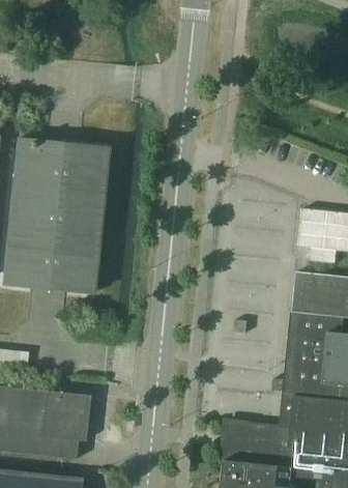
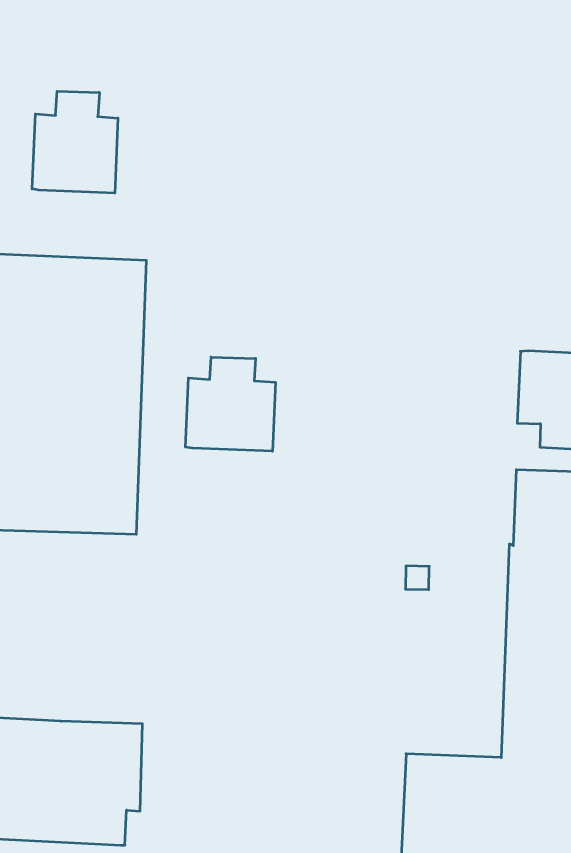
building: none -> [32,91,118,193]
building: none -> [185,357,275,451]

